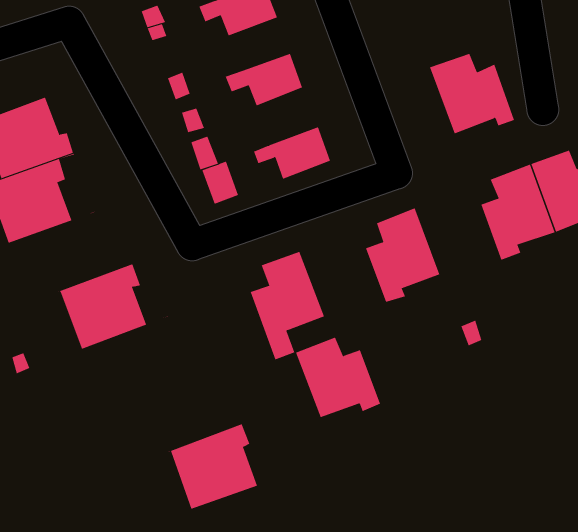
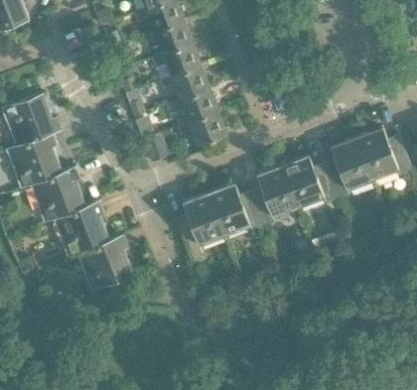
building: none -> [152,41,202,76]
building: [429,53,515,134] -> [283,155,338,208]
building: none -> [169,87,221,124]
building: none -> [20,167,101,222]
building: [295,337,381,418] -> [208,182,264,235]
building: [155,424,258,509] -> [67,235,134,290]

